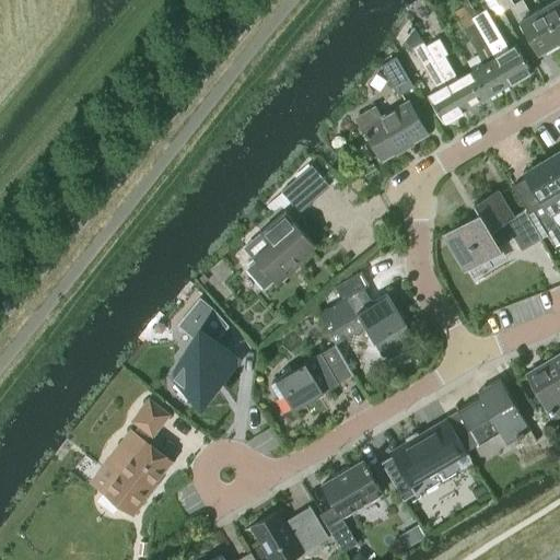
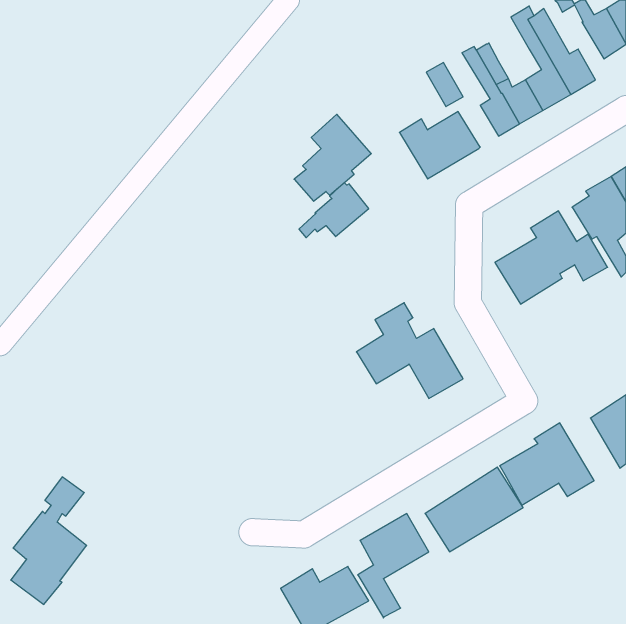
building: [246,212,315,290] -> [294,114,371,201]
building: [174,301,238,404] -> none
building: [271,345,353,411] -> none
building: [103,401,171,515] -> [11,477,87,604]

